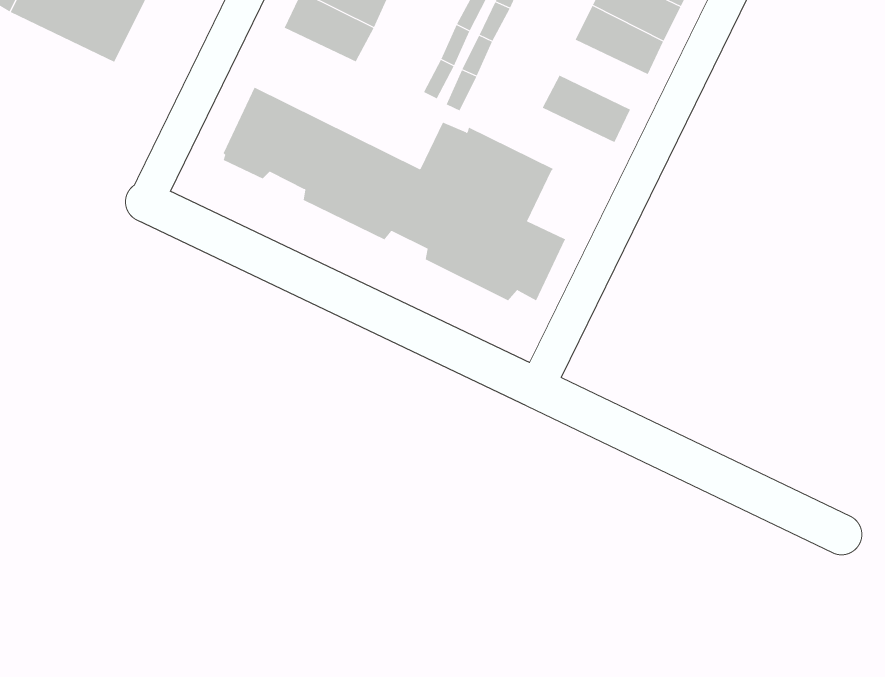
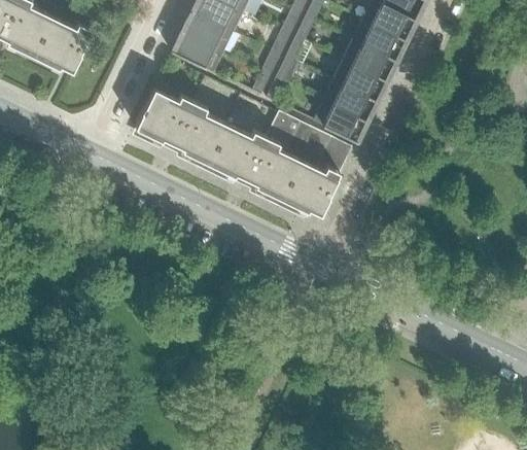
building: none -> [333,60,386,101]
building: none -> [313,100,366,142]
building: none -> [315,137,351,177]

